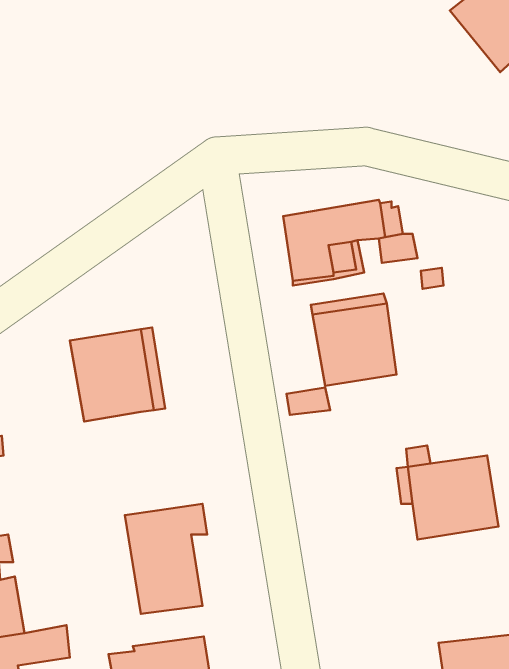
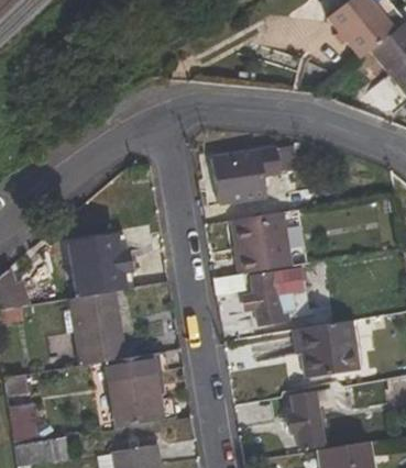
building: none -> [252,268,309,322]
building: none -> [68,290,128,365]
building: none -> [289,390,334,446]

